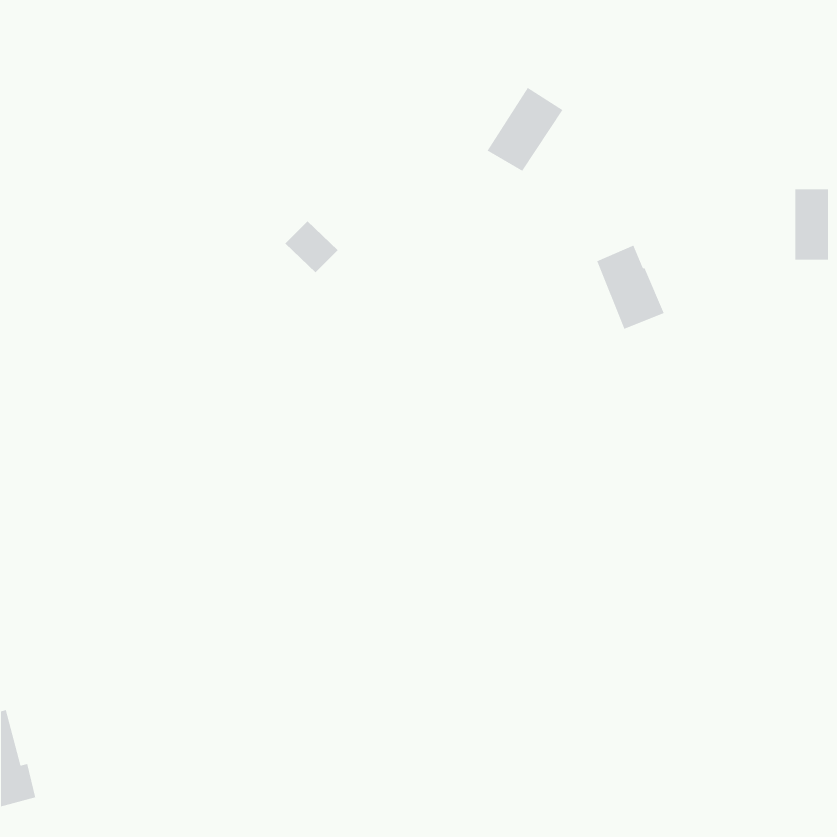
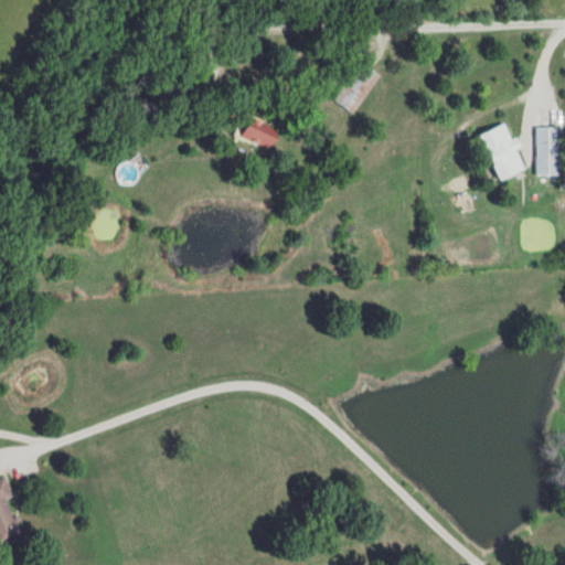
building: [285,221,339,273] -> [241,118,277,153]
building: [596,245,665,330] -> [480,124,526,181]

